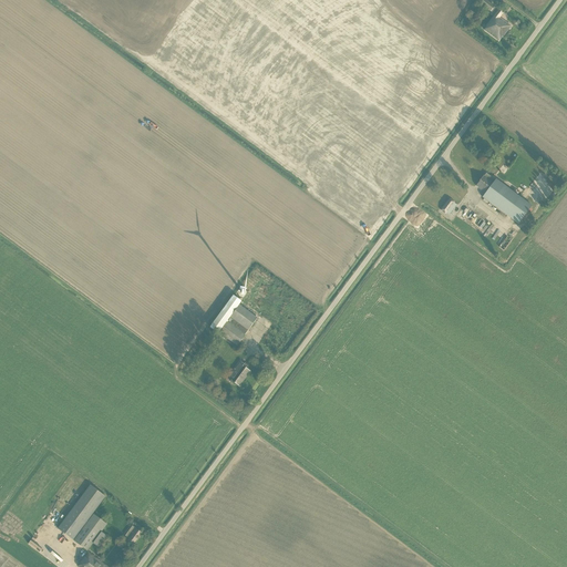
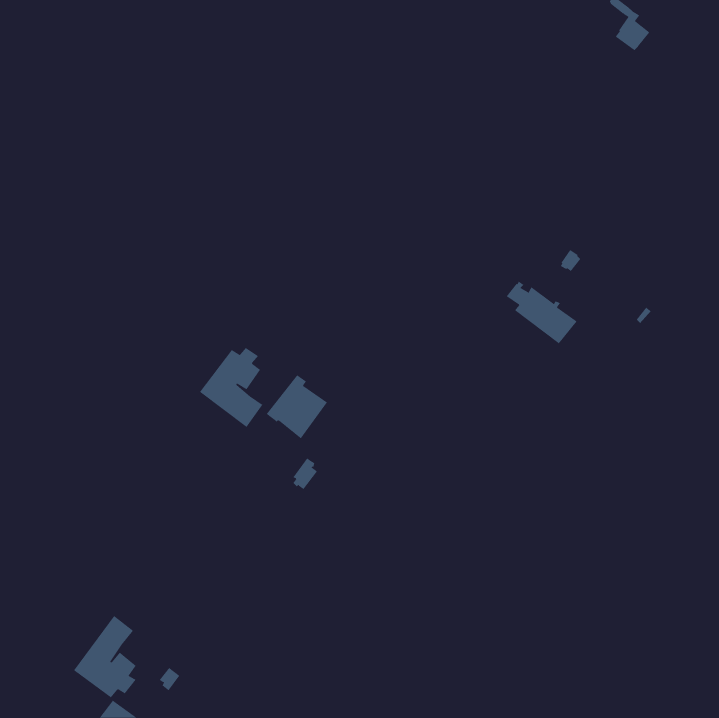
building: [476,173,533,223] -> [506,281,578,344]
building: none -> [199,347,263,428]

